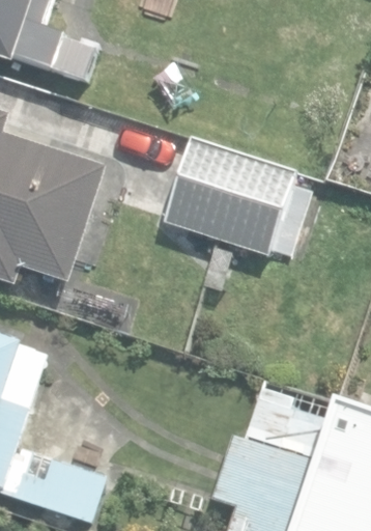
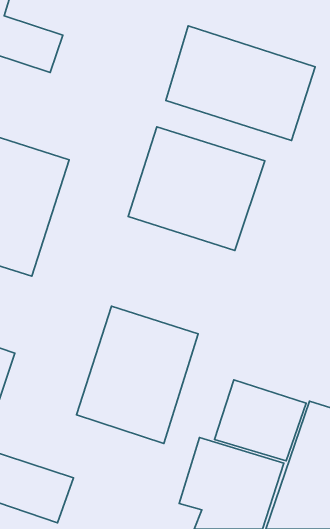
building: none -> [166,26,315,141]
building: none -> [76,306,198,443]

